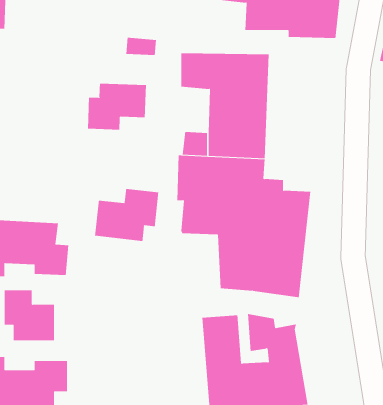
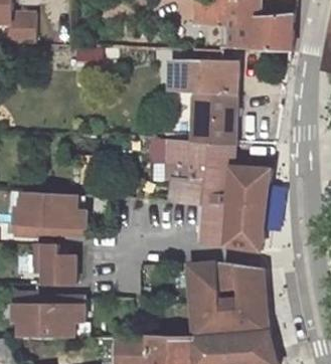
building: [87,83,146,130] -> none
building: [94,188,159,242] -> none

